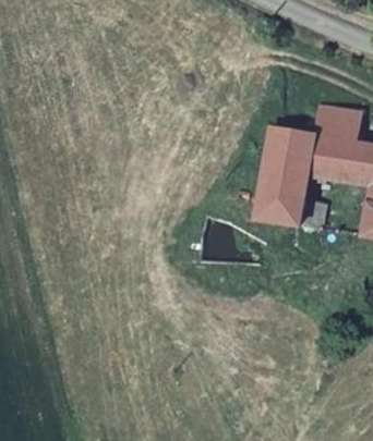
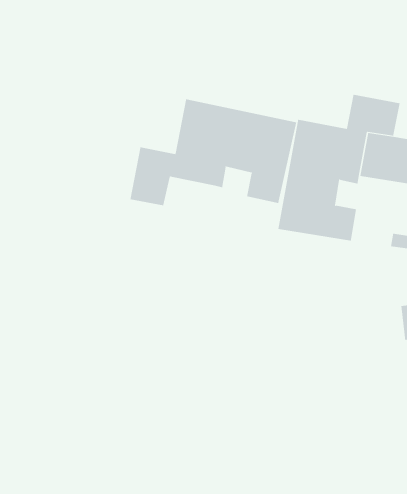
building: none -> [130,99,297,206]

